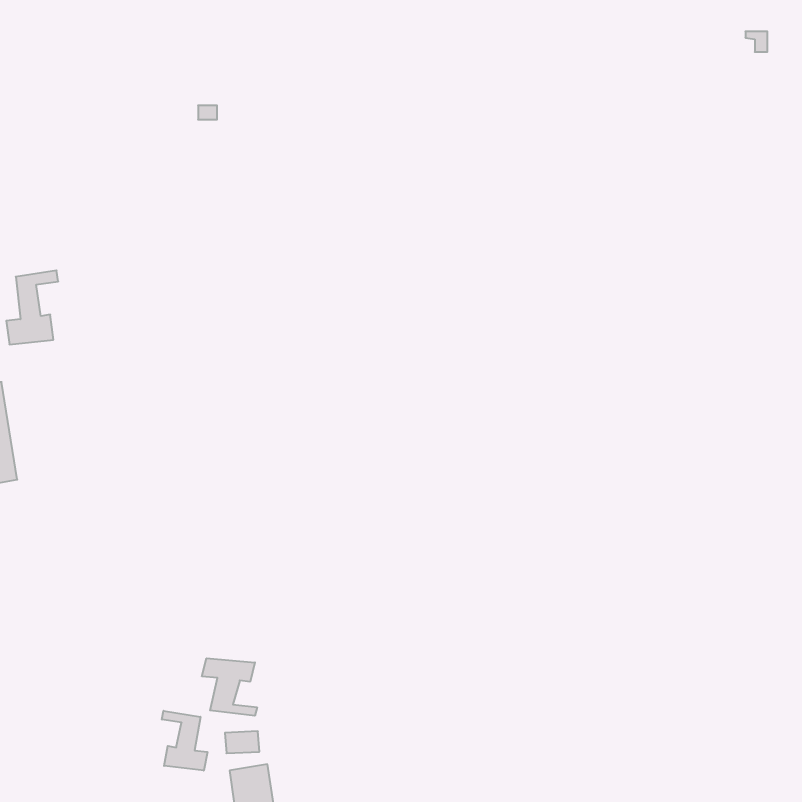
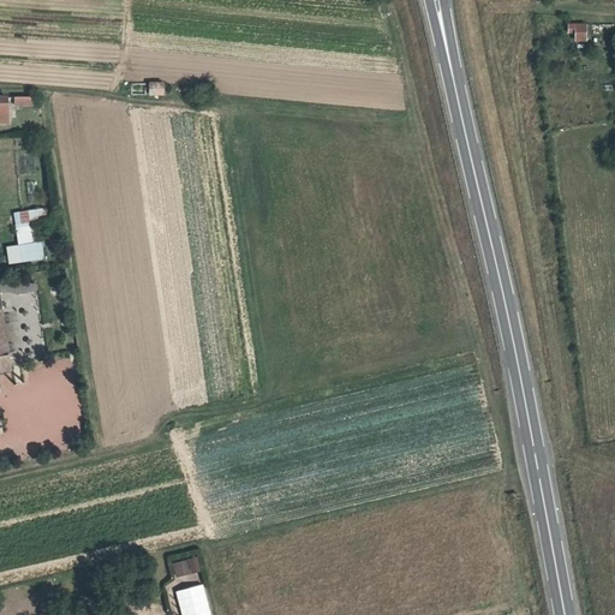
building: [202,658,257,716] -> none
building: [162,711,207,771] -> none

